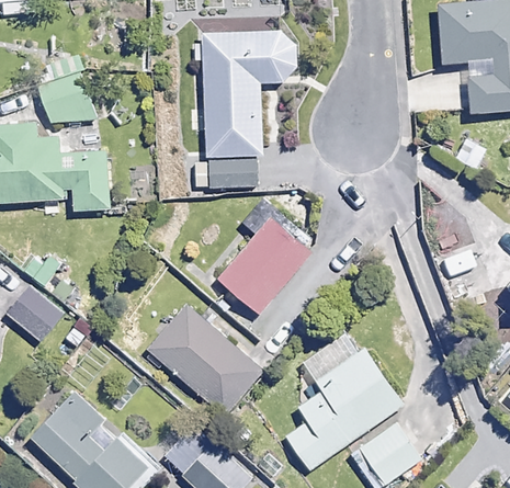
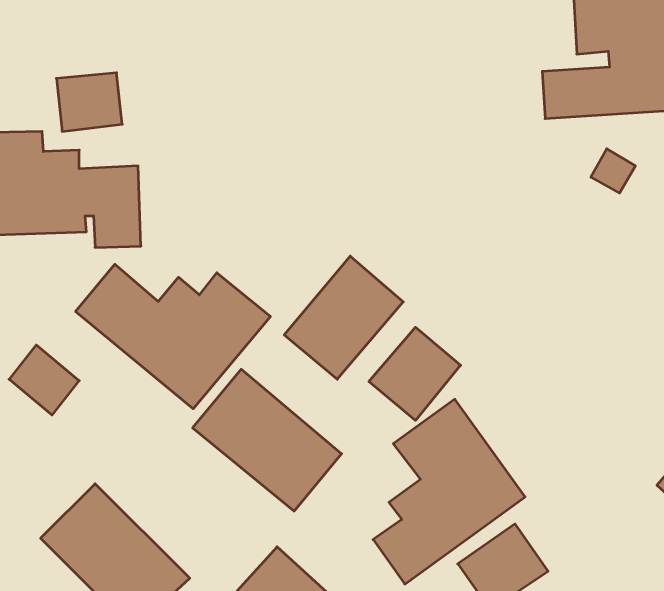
building: [189,33,295,193] -> none
building: none -> [76,264,270,409]
building: none -> [369,327,461,420]

